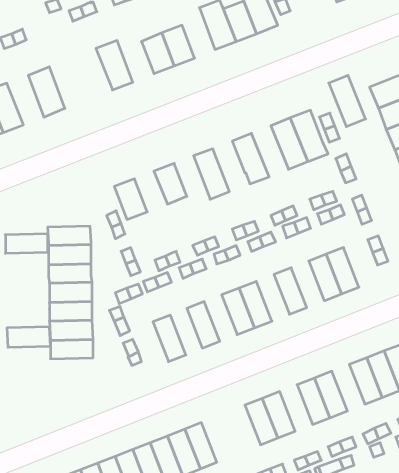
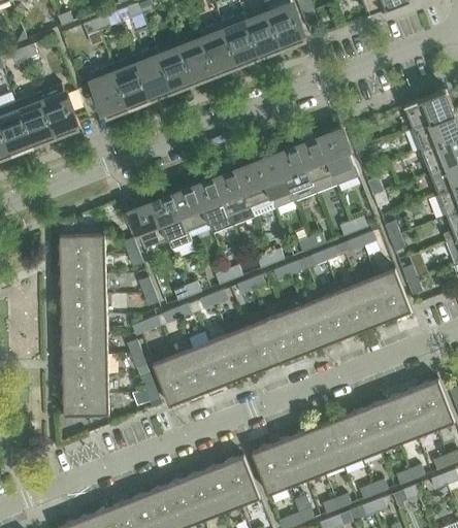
building: none -> [200,21,238,74]
building: none -> [134,46,173,100]
building: none -> [89,64,129,118]
building: [329,75,366,127] -> [277,146,317,201]
building: none -> [17,93,56,145]
building: none -> [236,163,270,217]
building: none -> [195,178,233,233]
building: none -> [153,195,192,249]
building: [5,234,48,253] -> [60,234,105,255]
building: none -> [375,268,412,319]
building: none -> [320,291,355,340]
building: none -> [283,305,318,355]
building: none -> [227,327,262,376]
building: none -> [191,341,225,391]
building: none -> [153,356,189,405]
building: [7,327,50,347] -> [63,394,109,416]
building: none -> [363,401,398,451]
building: none -> [307,423,342,472]
building: none -> [252,444,287,494]
building: none -> [224,455,260,505]

